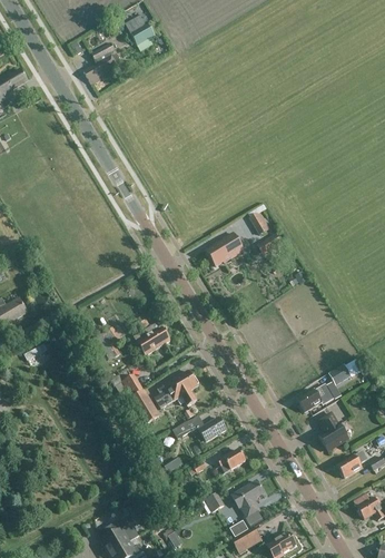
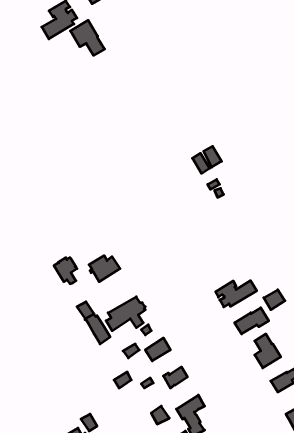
building: none -> [70,20,105,55]
building: [207,232,244,265] -> none
building: none -> [216,281,257,307]

